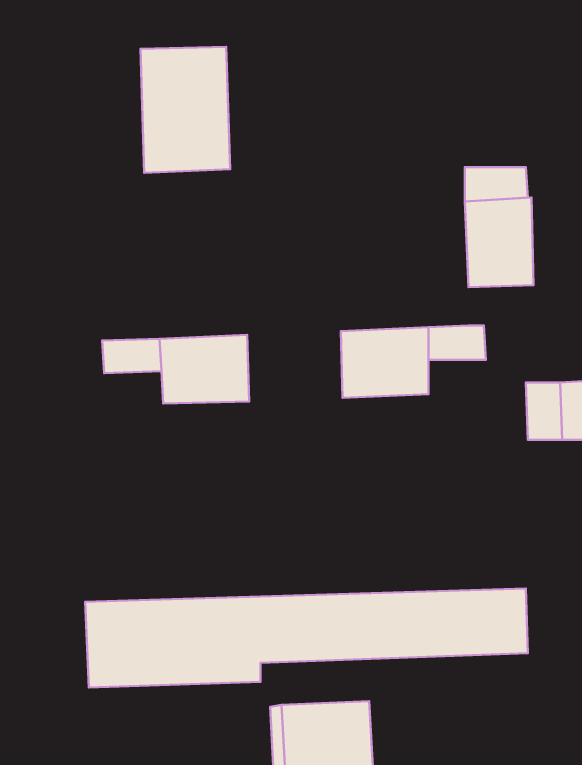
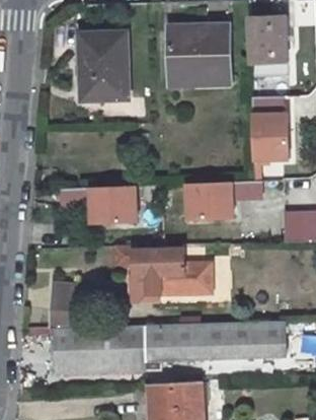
building: none -> [249,17,288,78]
building: none -> [169,26,230,85]
building: none -> [115,247,211,294]
building: none -> [50,283,87,330]

